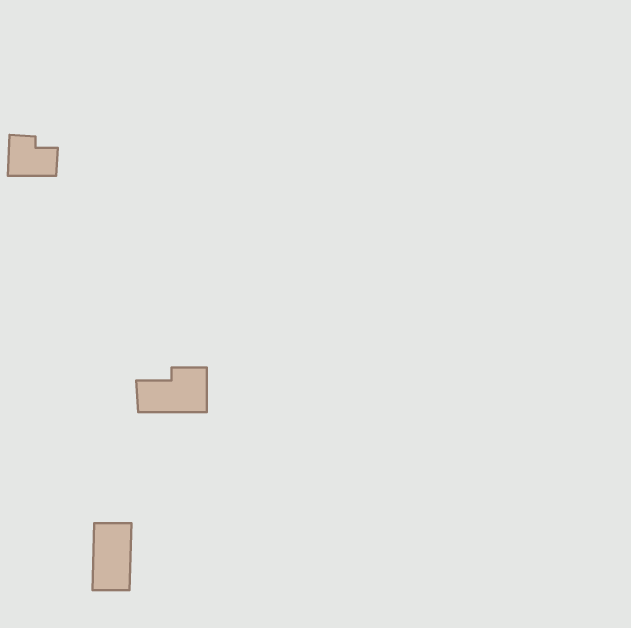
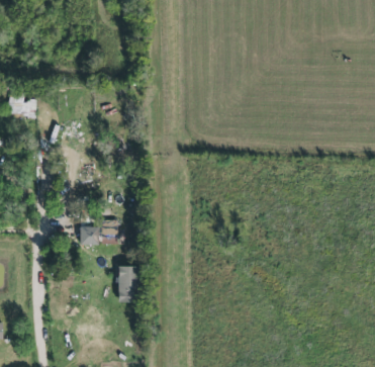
building: [92,523,131,590] -> [117,266,138,302]

